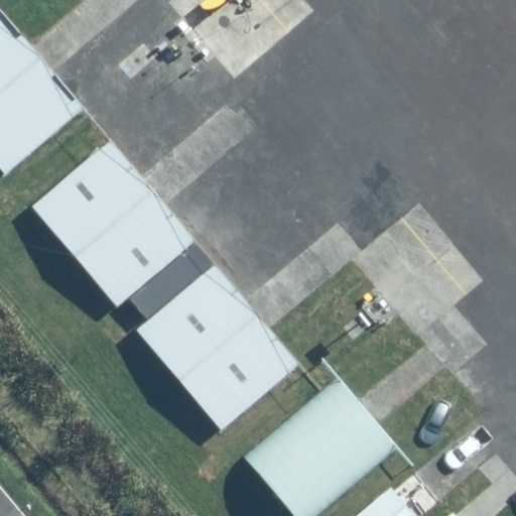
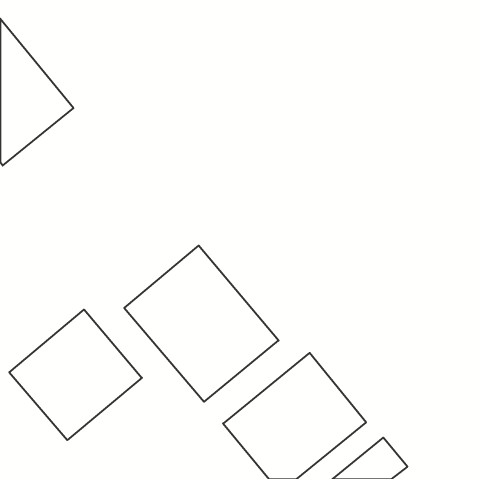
building: [27,138,194,308] -> none
building: none -> [9,310,142,440]

